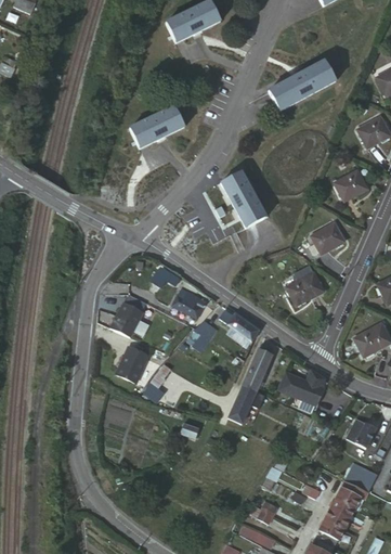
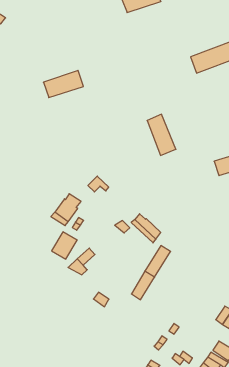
building: [130,107,184,149] -> [43,70,83,98]
building: [291,270,325,301] -> none
building: [170,292,205,319] -> none
building: [277,366,324,413] -> none

